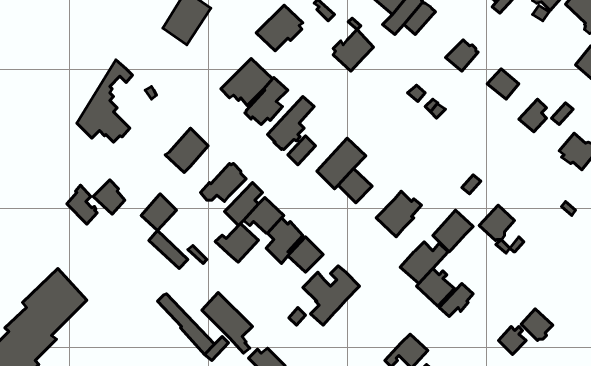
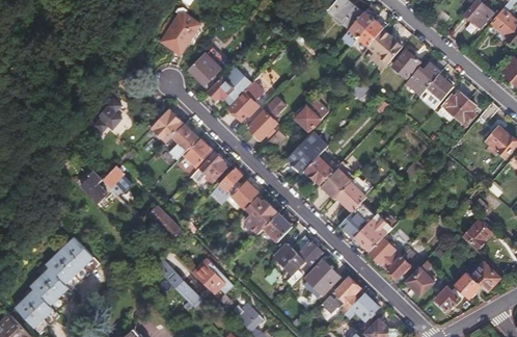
building: [256,5,303,51] -> [188,47,226,84]
building: none -> [368,29,404,69]
building: [333,30,374,71] -> [294,97,327,131]
building: none -> [405,62,440,95]
building: none -> [437,93,468,121]
building: none -> [149,109,183,142]
building: none -> [318,163,351,199]
building: [141,194,177,231] -> [183,136,212,166]
building: [479,205,515,241] -> [461,218,490,248]
building: [433,210,473,252] -> [339,205,373,239]
building: [215,224,258,262] -> none
building: none -> [302,259,341,299]
building: none -> [466,259,498,291]
building: none -> [406,260,434,295]
building: none -> [320,277,359,314]

